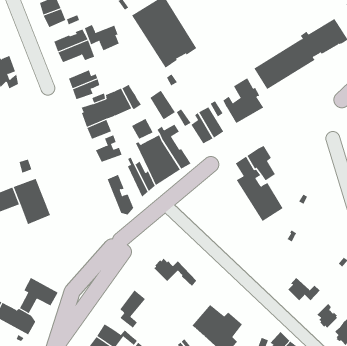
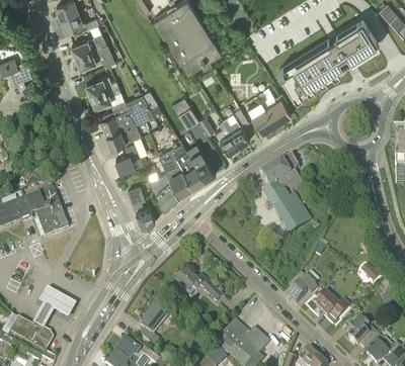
building: [84,24,120,51] -> none
building: none -> [289,273,318,303]

